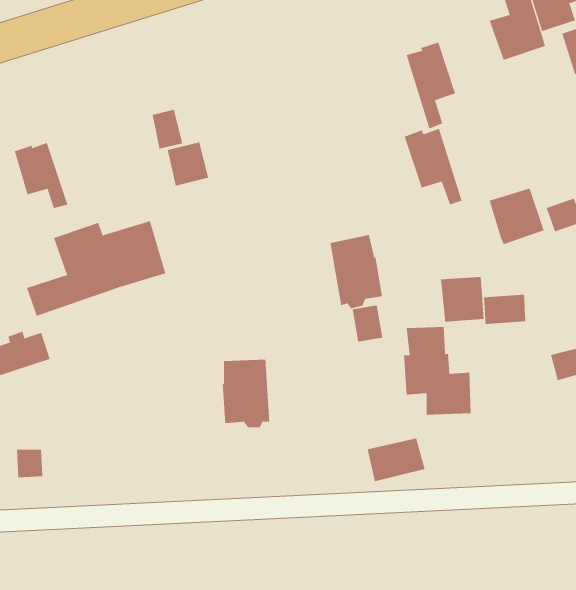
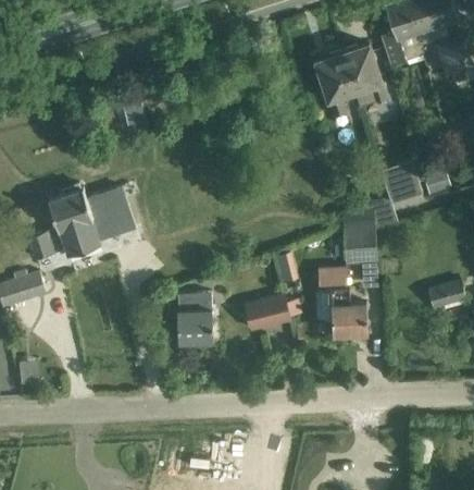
building: [404,128,462,205] -> [342,45,387,103]
building: [167,141,209,187] -> none
building: [14,142,68,209] -> none
building: [330,234,383,309] -> none
building: [483,294,526,324] -> [342,209,375,232]
building: [367,438,426,482] -> [247,297,291,331]

